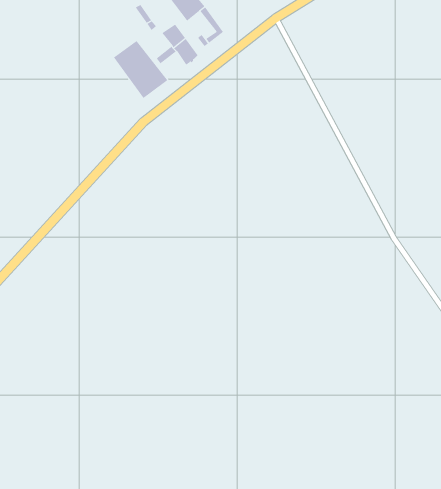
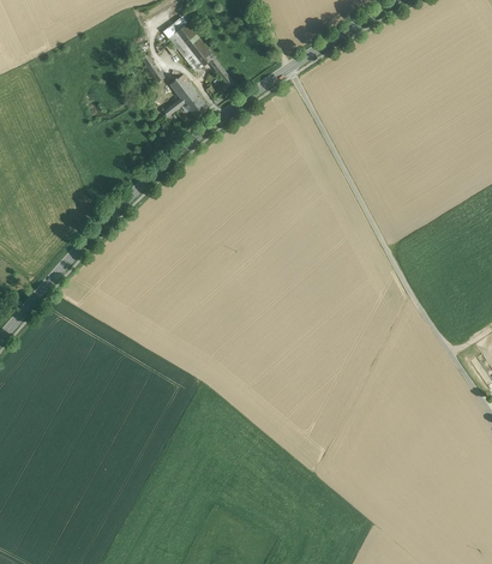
building: [113,40,168,99] -> none

